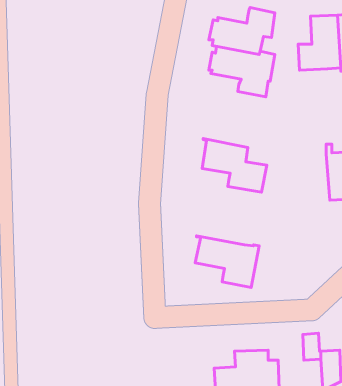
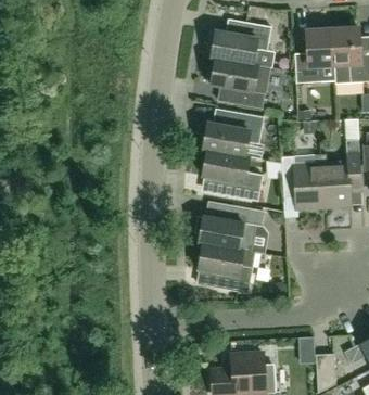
building: none -> [202,113,263,157]
building: none -> [281,154,325,211]
building: none -> [193,205,266,253]

